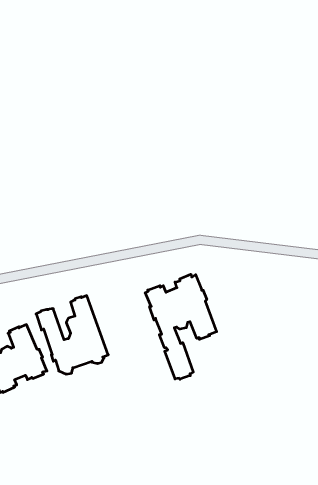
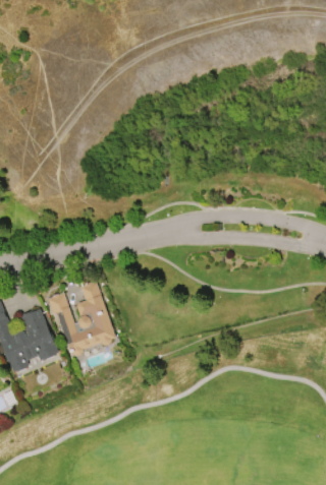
building: [145,274,217,379] -> none

